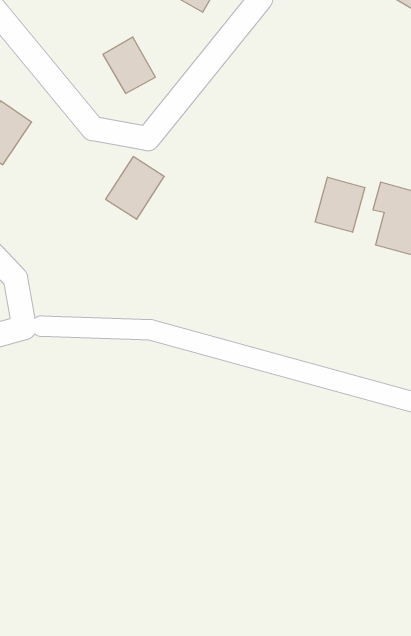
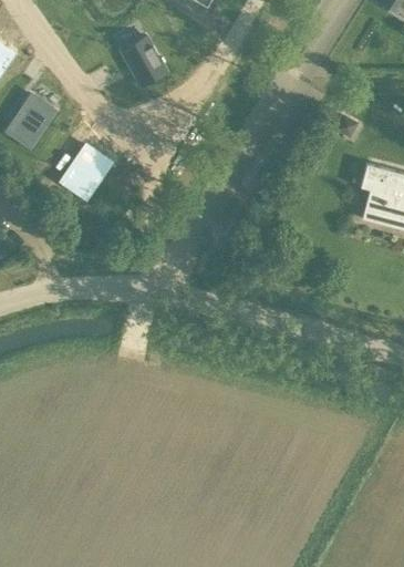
building: [106,157,164,219] -> [60,144,112,199]
building: [315,177,365,232] -> none

